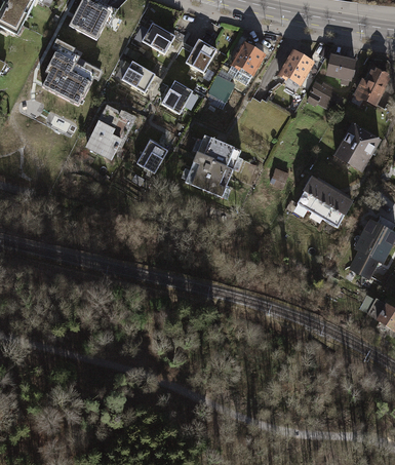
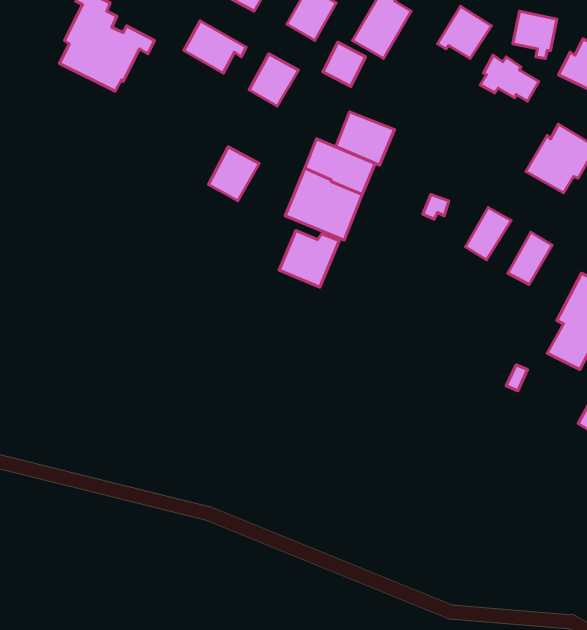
building: [87,107,130,156] -> none
building: none -> [336,112,395,165]
building: [311,185,339,218] -> none
building: none -> [279,230,339,287]

